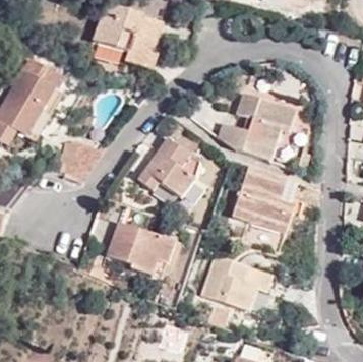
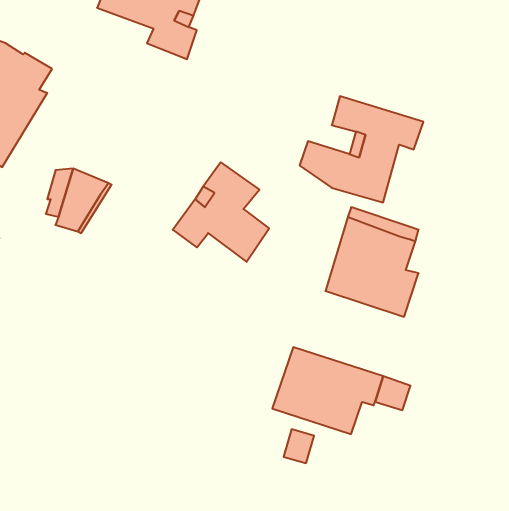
building: [110,221,176,276] -> none

